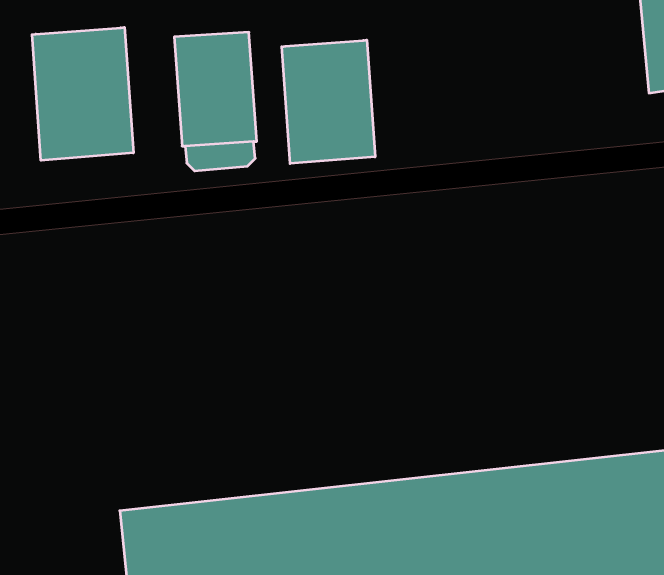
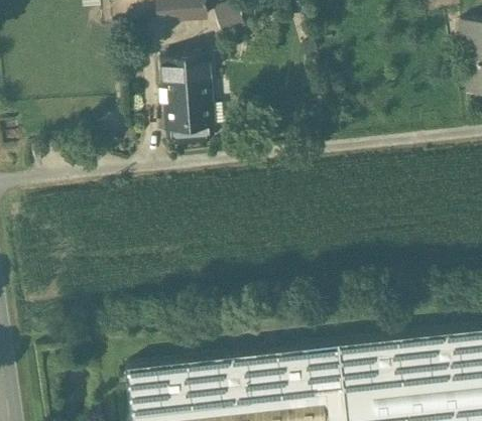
building: [32,27,133,160] -> none
building: [282,40,375,164] -> none

